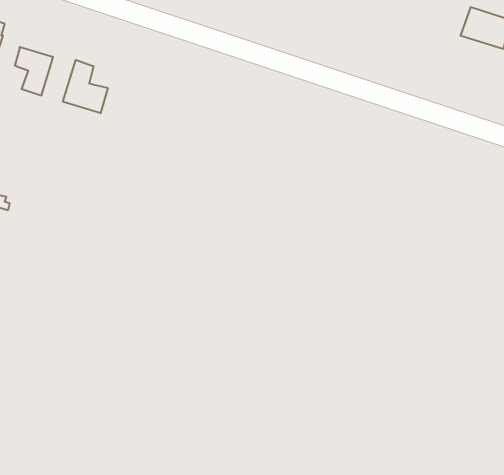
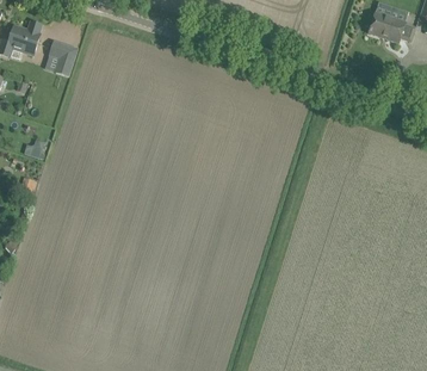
building: [63,60,108,113] -> none

